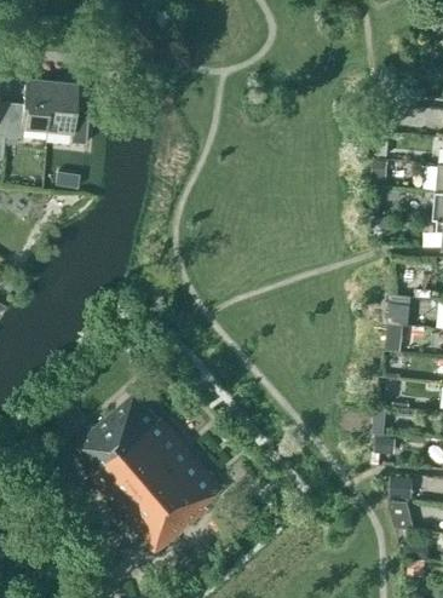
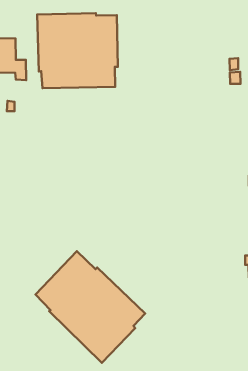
building: none -> [37,13,118,88]

